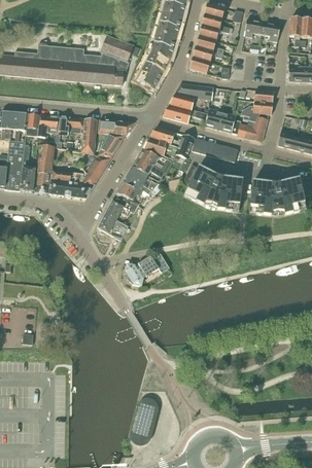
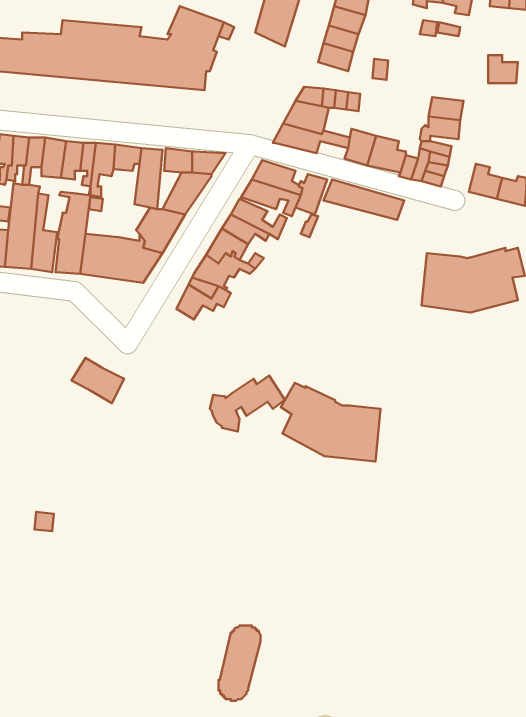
building: [135,50,169,88] -> none
building: [183,164,242,210] -> [281,383,381,461]
building: [97,213,128,240] -> [71,358,124,403]

